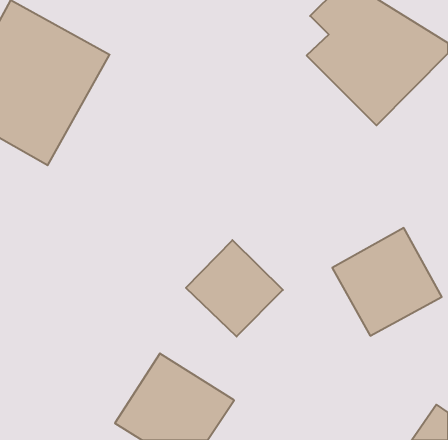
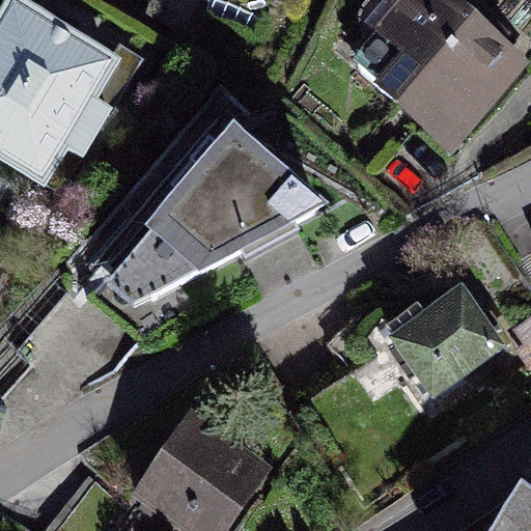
building: none -> [91,109,325,322]
building: [186,240,283,337] -> none

